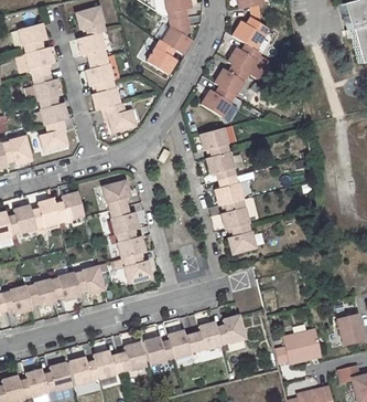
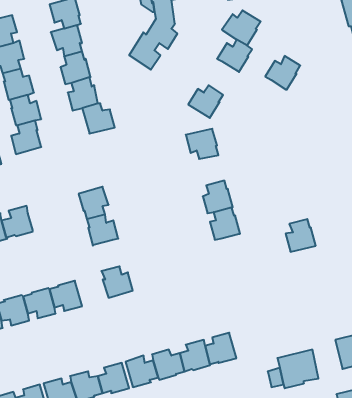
building: [216,65,248,96] -> [265,56,300,90]
building: [207,150,236,179] -> none
building: [56,192,85,220] -> none
building: [229,223,257,253] -> [286,219,316,252]
building: [117,229,145,258] -> none

